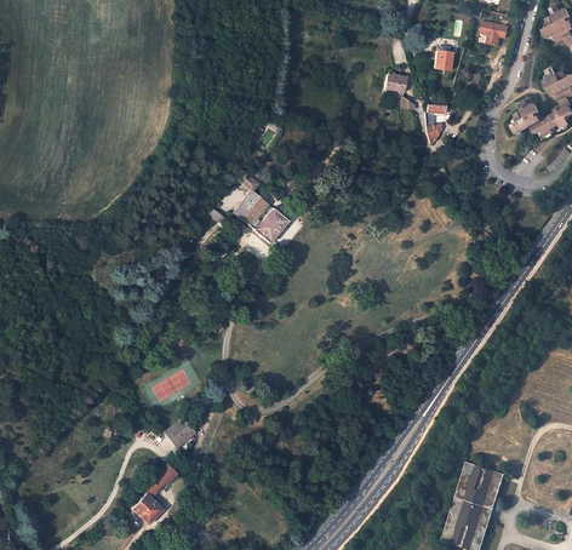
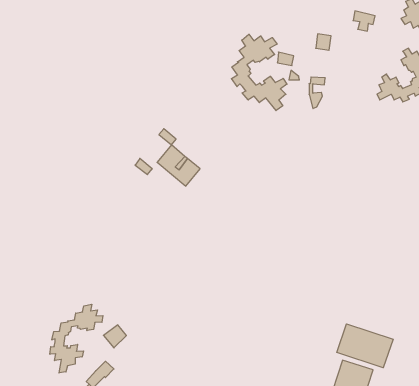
building: none -> [231,34,287,111]
building: none -> [50,304,103,373]
building: none -> [337,324,393,368]

